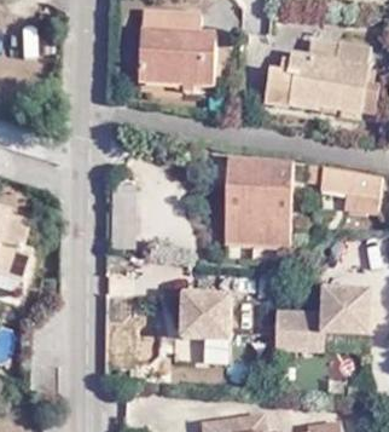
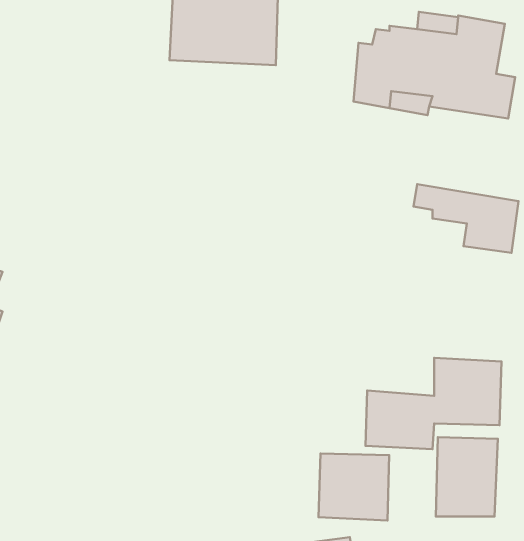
building: [227,152,294,241] -> none
building: [181,289,231,336] -> [319,453,389,520]

